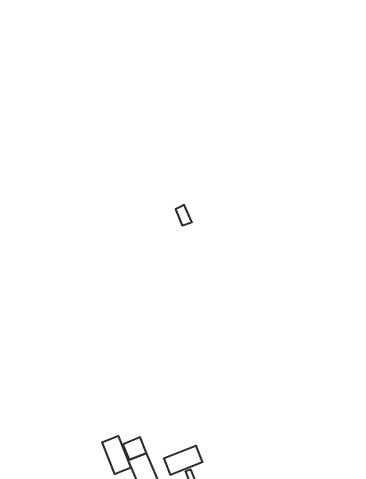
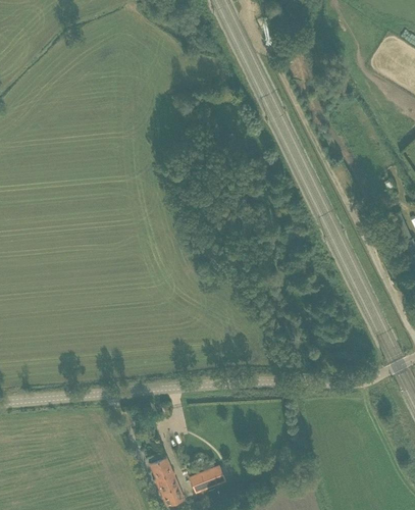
building: [102,436,131,474] -> none

